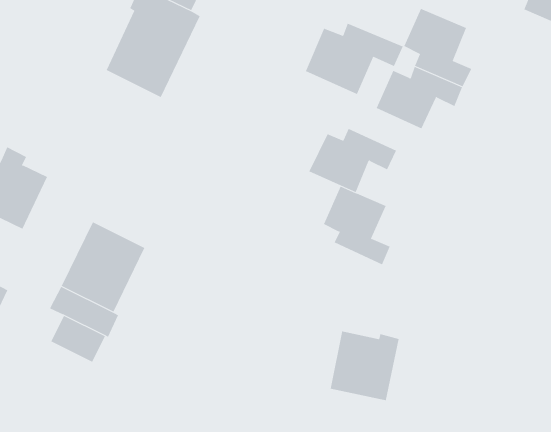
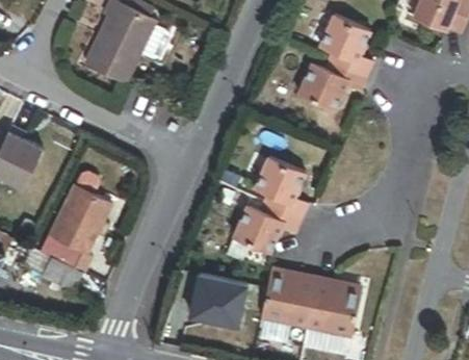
building: [305,23,404,95] -> none
building: [309,128,397,193] -> [234,201,304,252]
building: none -> [189,272,253,331]
building: none -> [307,277,362,336]

